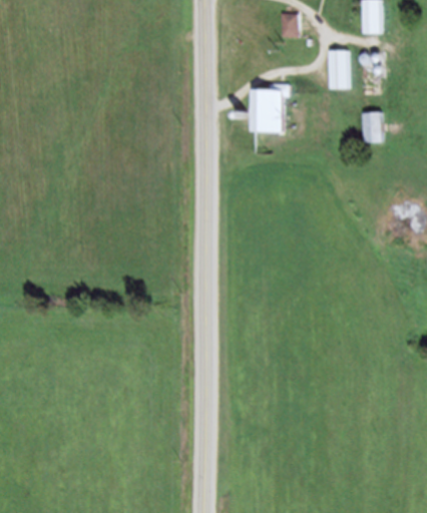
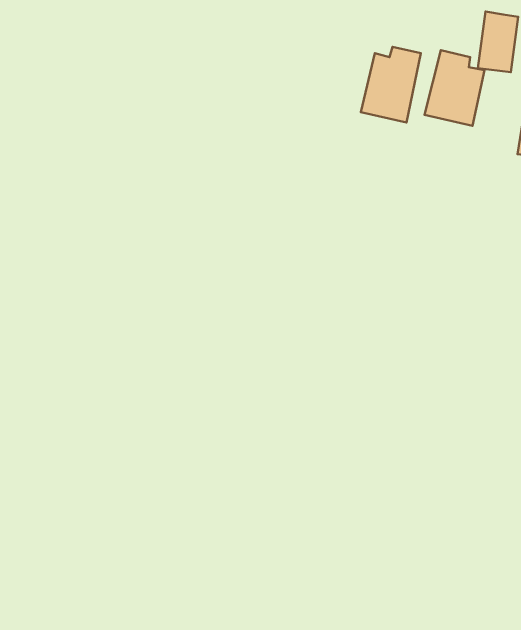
building: none -> [424,50,485,126]

